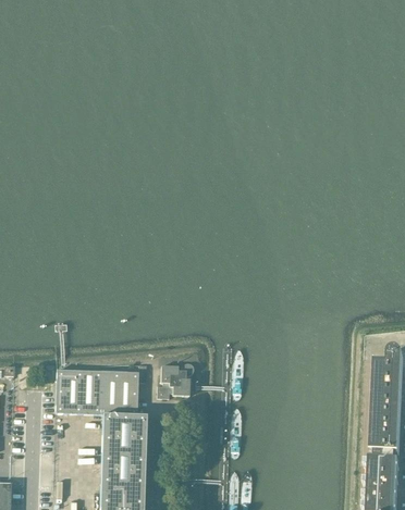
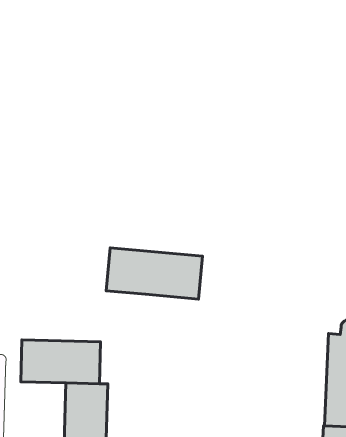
building: none -> [106,248,203,299]
building: [157,361,194,397] -> none

